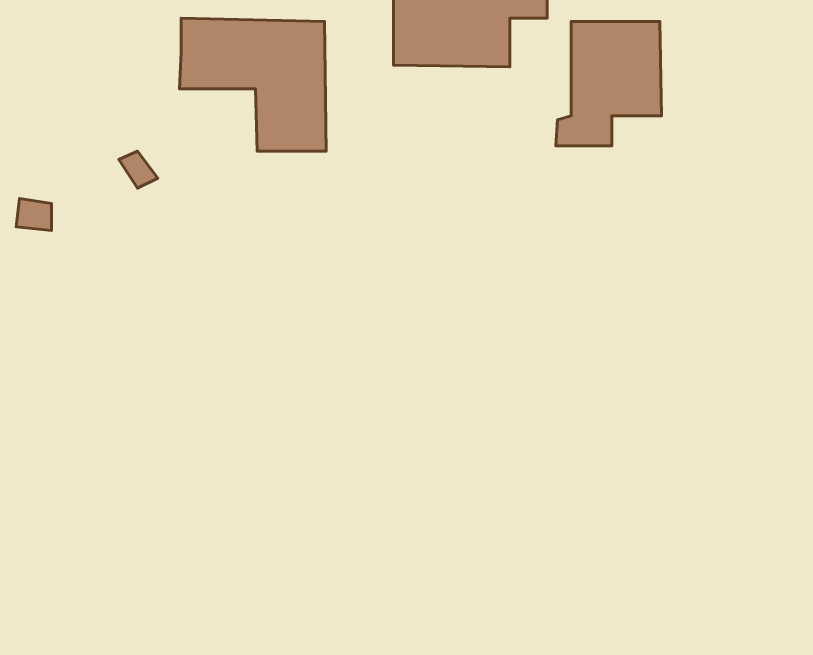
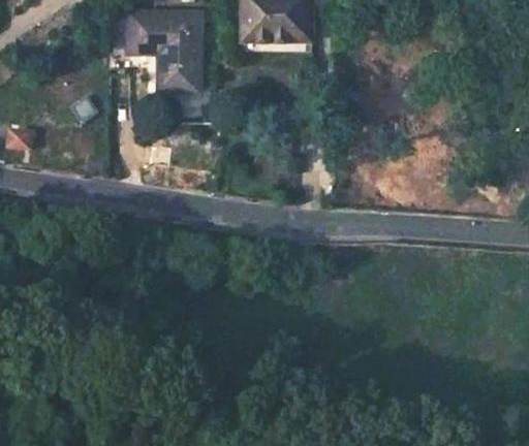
building: [556,21,661,146] -> none

